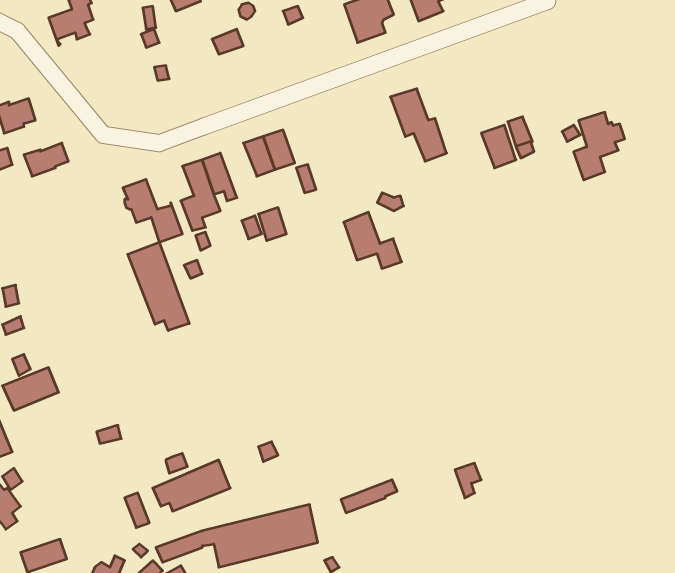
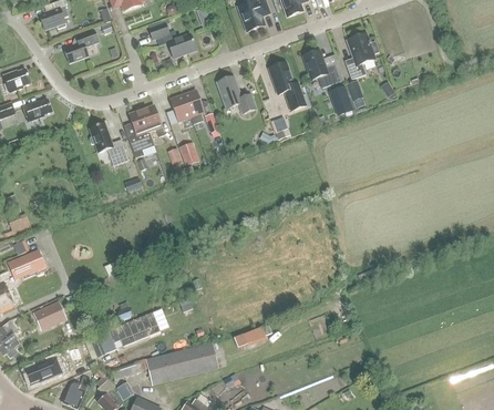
building: none -> [63,29,99,63]
building: none -> [167,32,196,58]
building: none -> [302,50,336,88]
building: [574,112,625,180] -> [344,33,379,79]
building: [344,212,402,268] -> [217,75,256,113]
building: [128,242,189,331] -> none
building: none -> [33,301,66,330]

